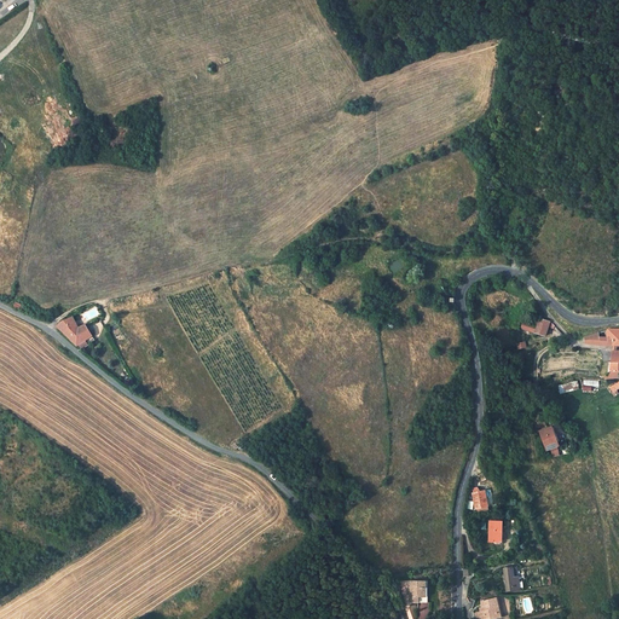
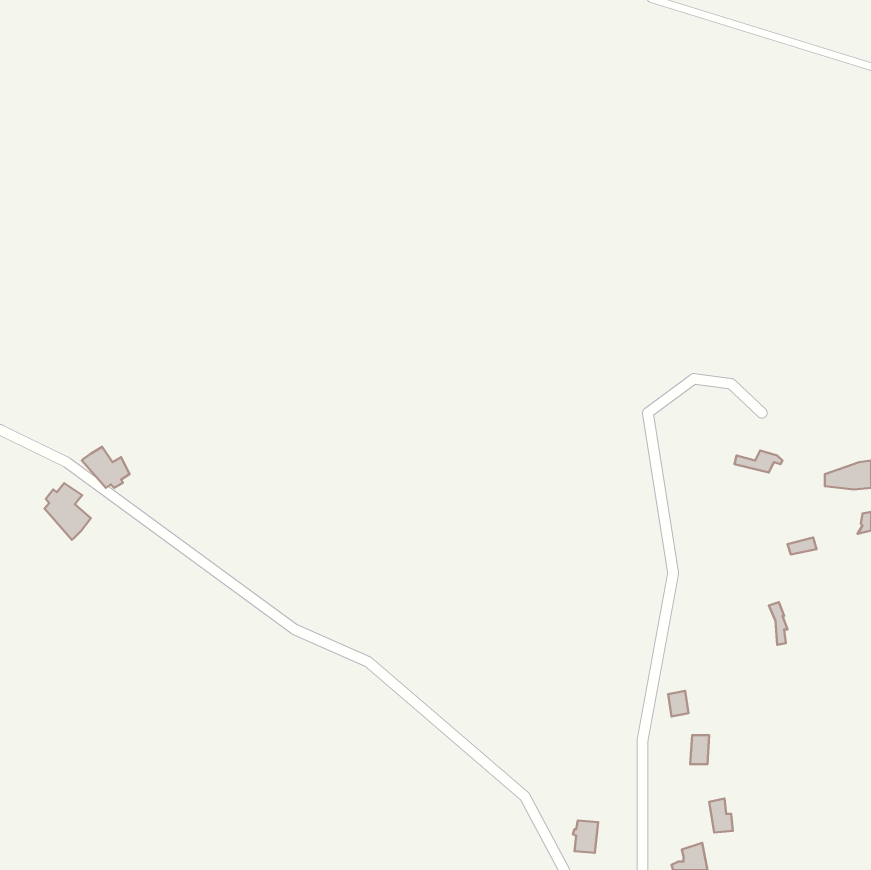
building: none -> [45,483,91,540]

